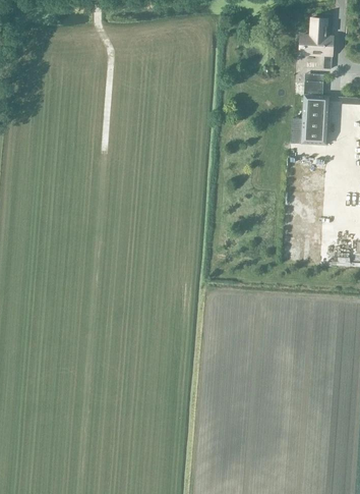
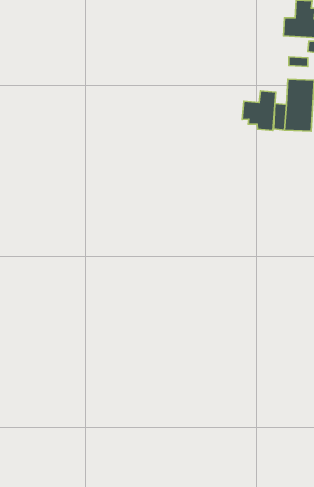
building: none -> [242,91,276,131]

